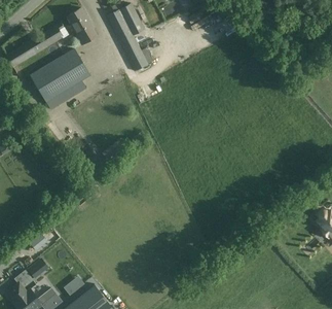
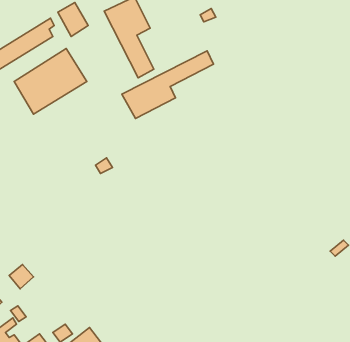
building: none -> [122,51,213,118]

